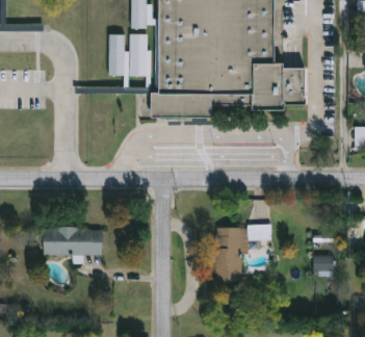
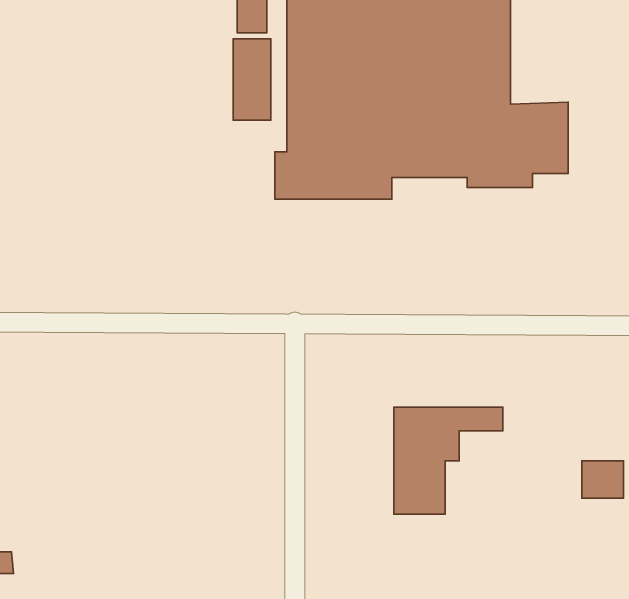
building: [107,33,124,74] -> none
building: [44,228,101,255] -> none

